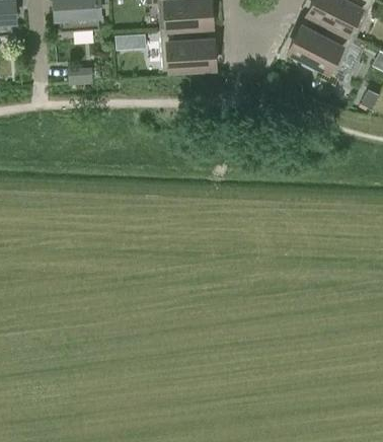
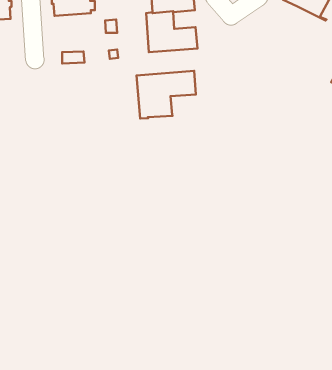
building: [288,20,354,74] -> none
building: none -> [137,71,196,118]

